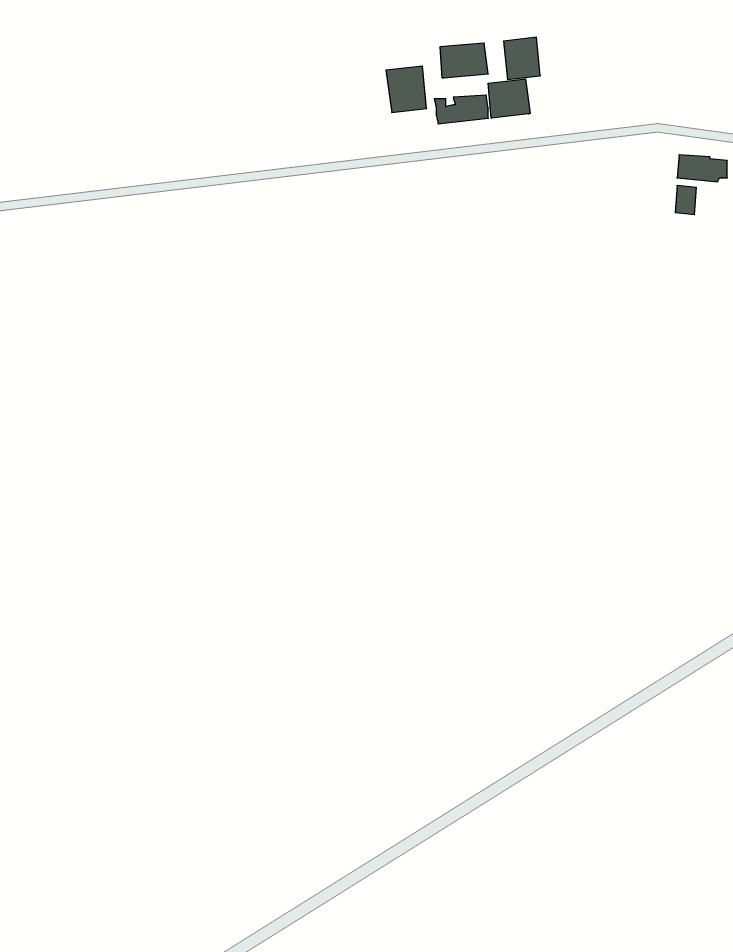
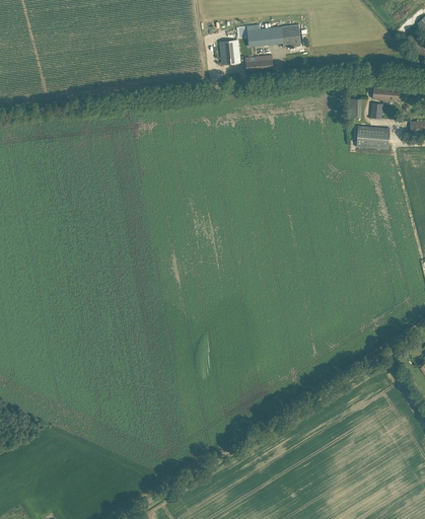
building: [488,79,530,118] -> none
building: none -> [355,126,388,148]

